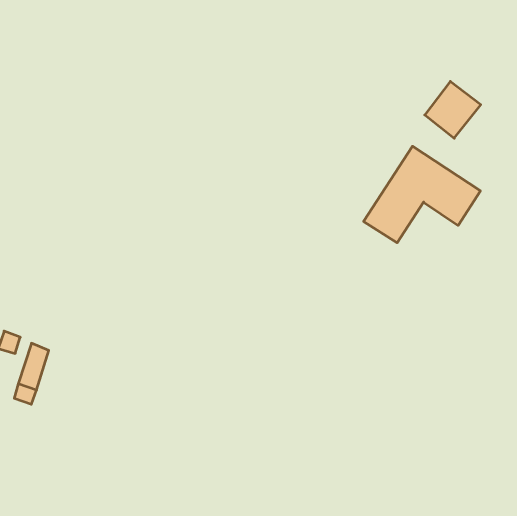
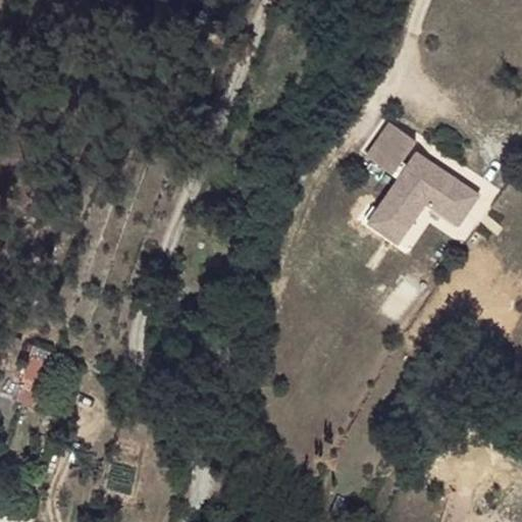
building: [425,81,481,138] -> [362,120,418,177]

